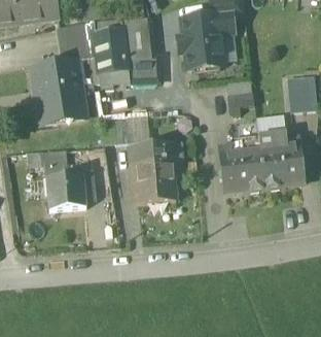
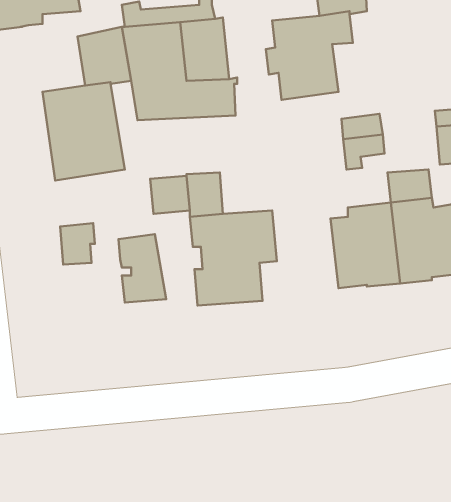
building: [45,174,90,210] -> none

